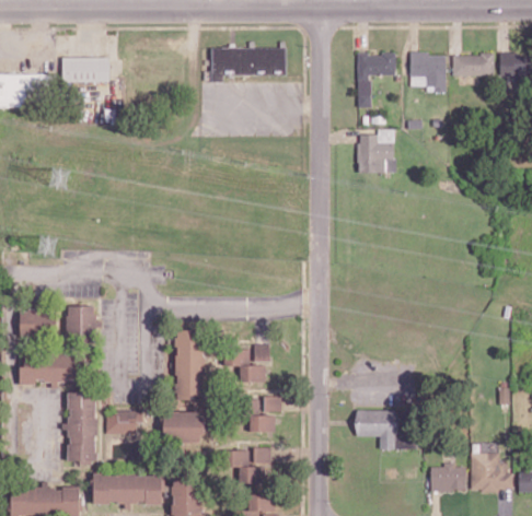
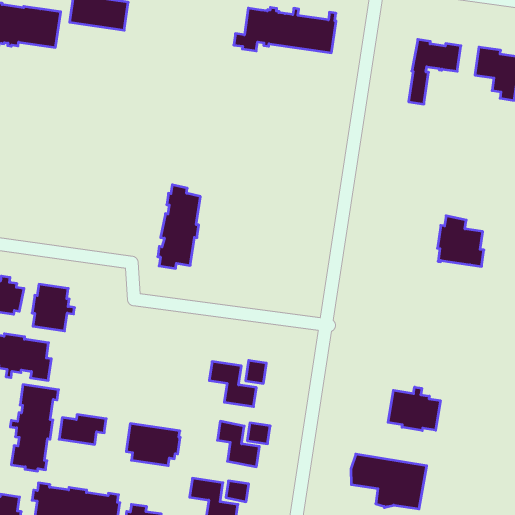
building: [357,134,396,174] -> [437,216,484,266]
building: [175,330,206,400] -> [158,185,200,268]
building: none -> [388,387,440,431]

